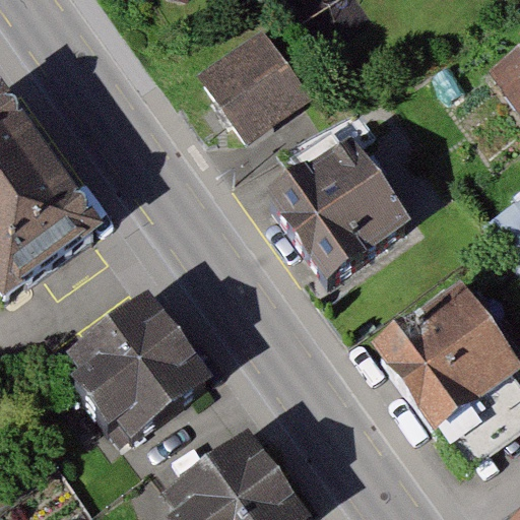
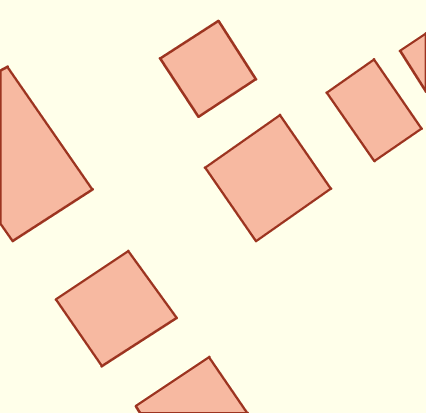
building: none -> [327,59,422,161]
building: [358,280,512,433] -> none

